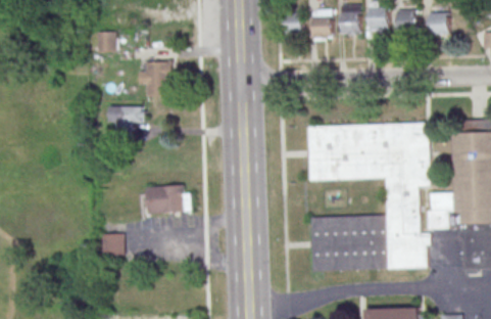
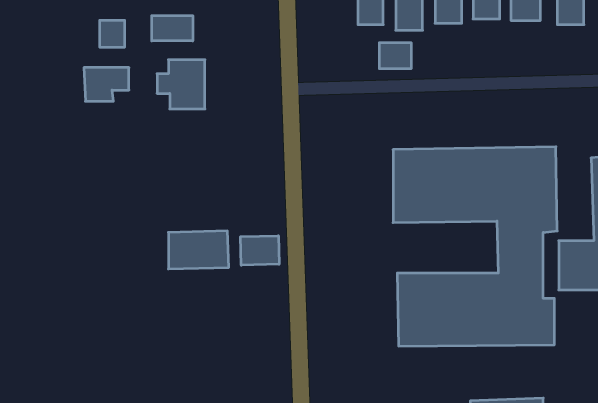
building: none -> [152,16,193,41]
building: none -> [379,43,411,69]
building: [110,105,143,130] -> [84,68,129,101]
building: none -> [241,236,279,265]
building: [103,233,124,256] -> none

